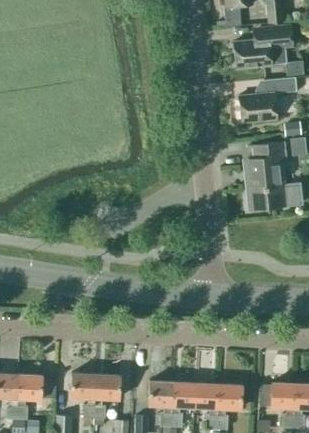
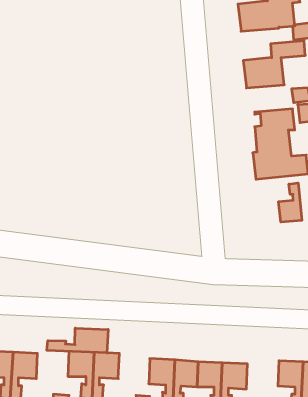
building: none -> [279,183,302,222]
building: none -> [47,328,108,353]

